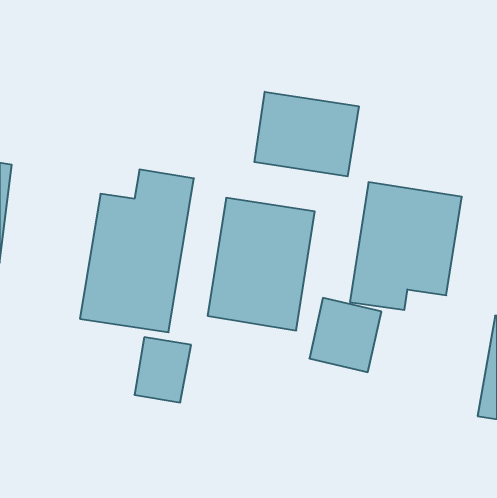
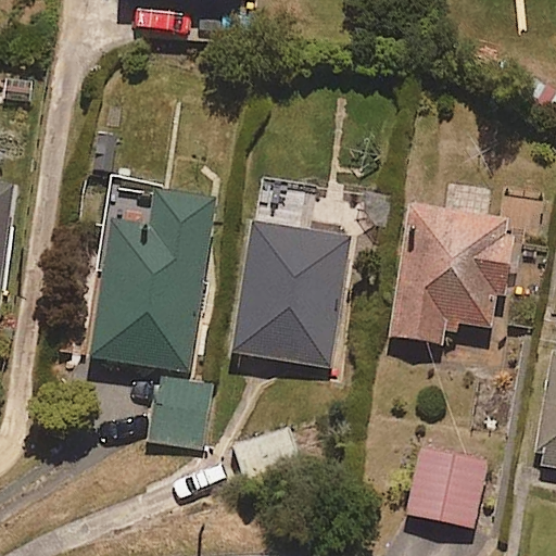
building: [254,92,359,176] -> none
building: [309,298,381,372] -> [407,445,488,528]

